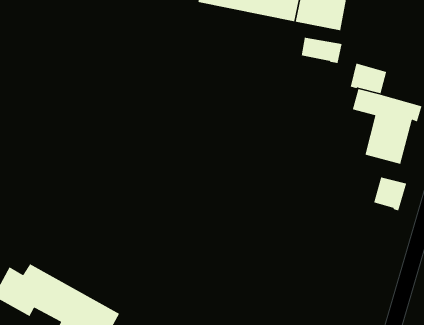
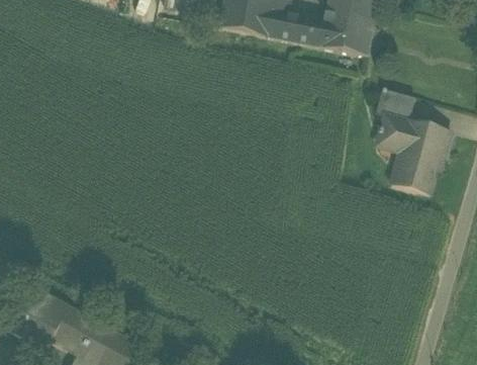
building: [301,37,343,64] -> none
building: [373,177,407,211] -> none

